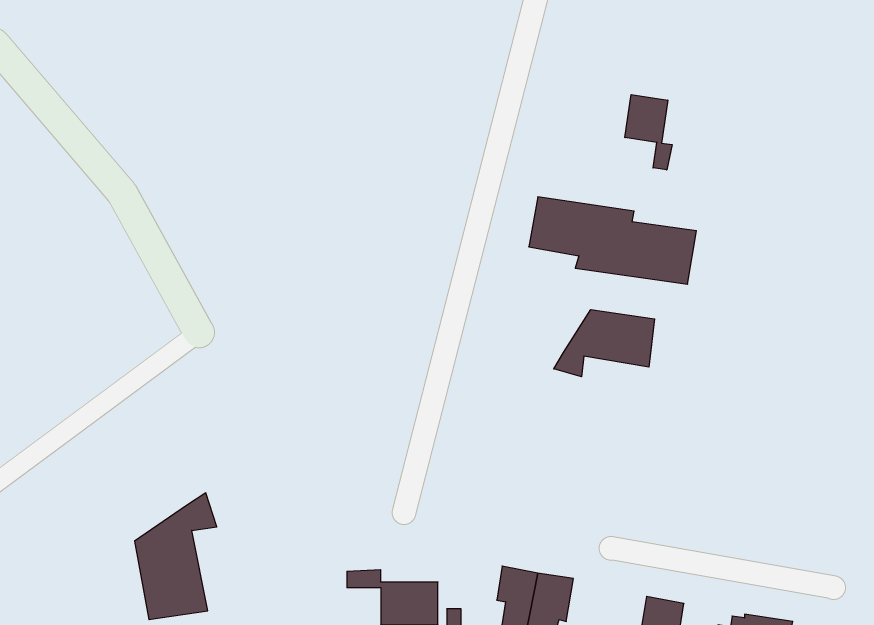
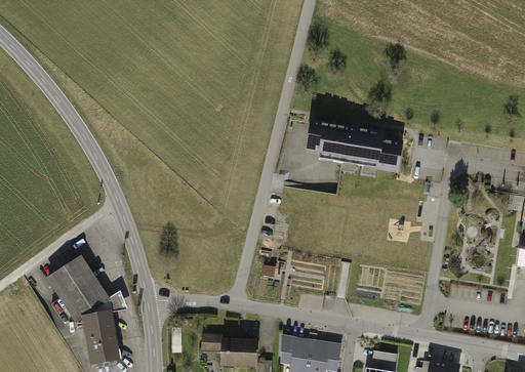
building: [625,95,672,170] -> none
building: [554,310,655,377] -> none
building: none -> [44,255,109,322]

